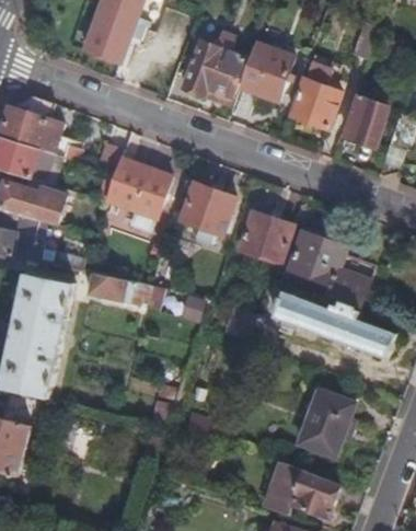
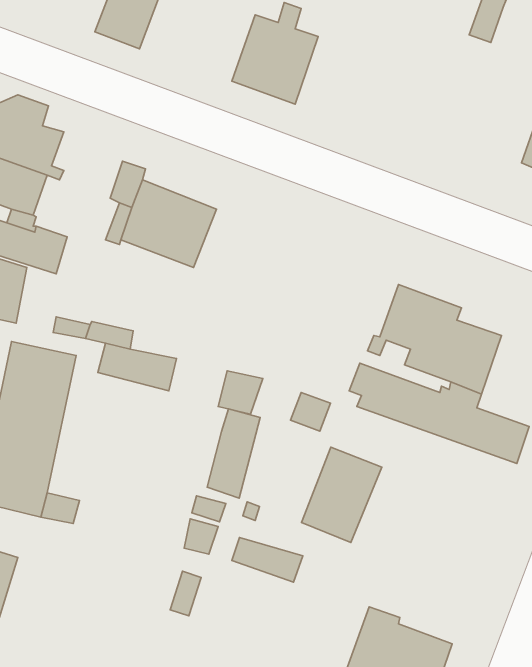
building: [238,42,292,101] -> none
building: [291,64,342,130] -> none
building: [345,96,390,147] -> none
building: [180,184,234,235] -> none
building: [235,211,292,266] -> none
building: none -> [207,409,260,498]
building: [298,389,355,457] -> [302,447,382,543]

